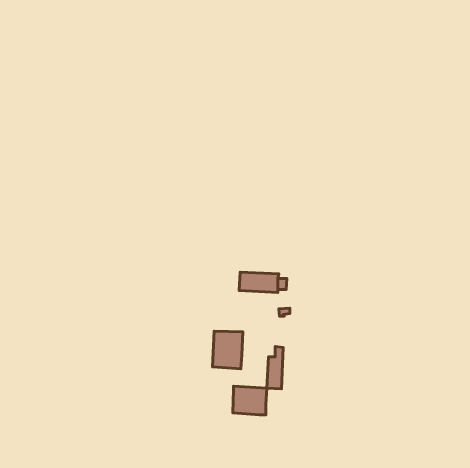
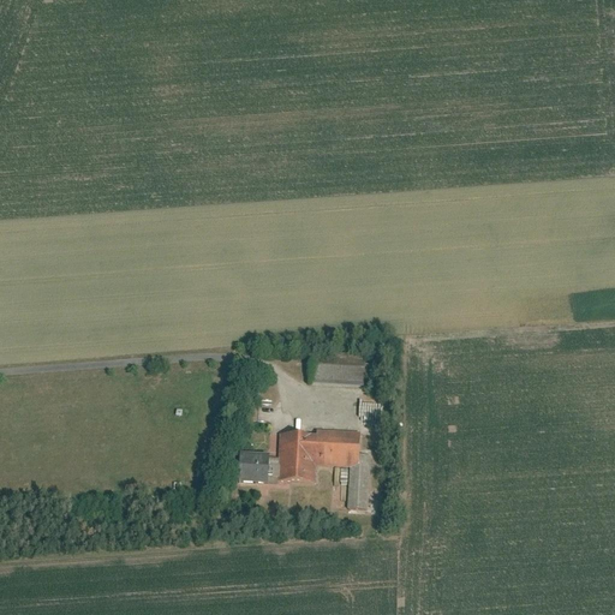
building: none -> [237,453,267,483]
building: [233,386,267,415] -> [316,429,360,466]

